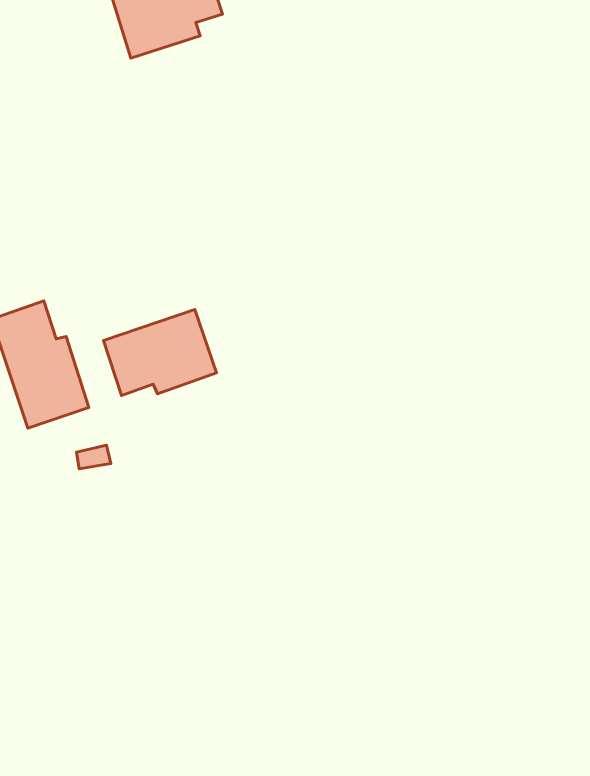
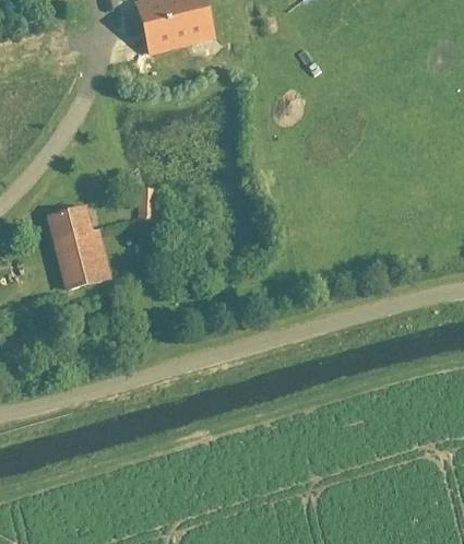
building: [103,309,216,395] -> none

